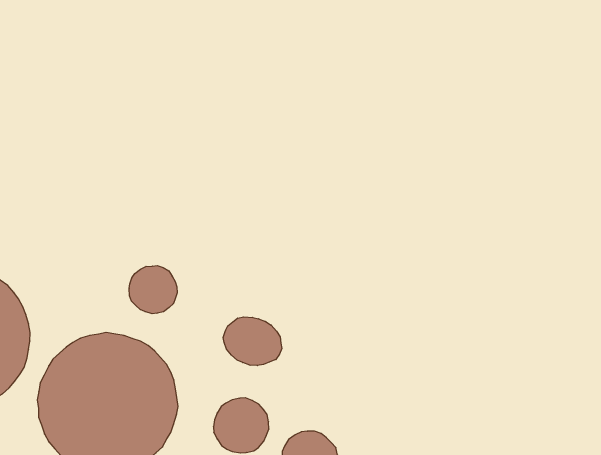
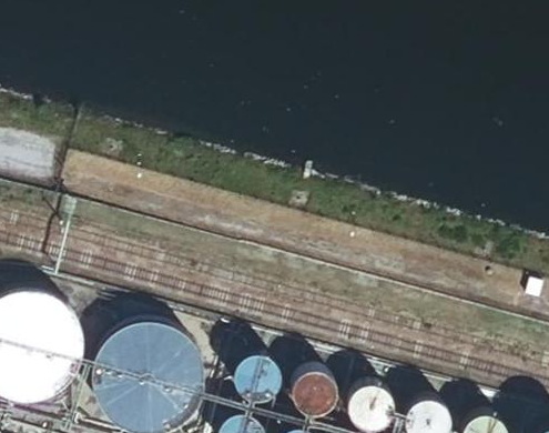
building: [129,266,177,314] -> none
building: [223,317,282,366] -> none

